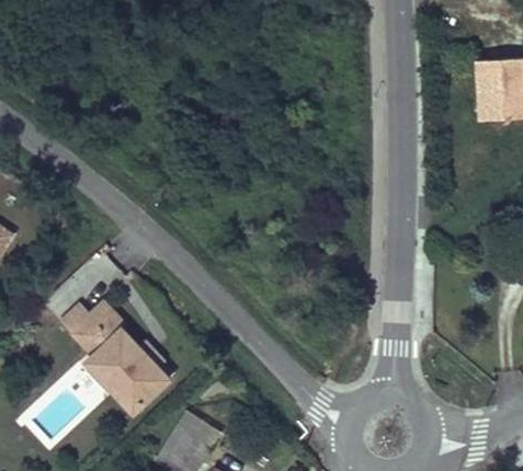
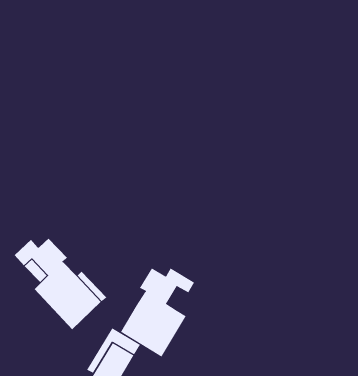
building: none -> [120,267,195,358]

